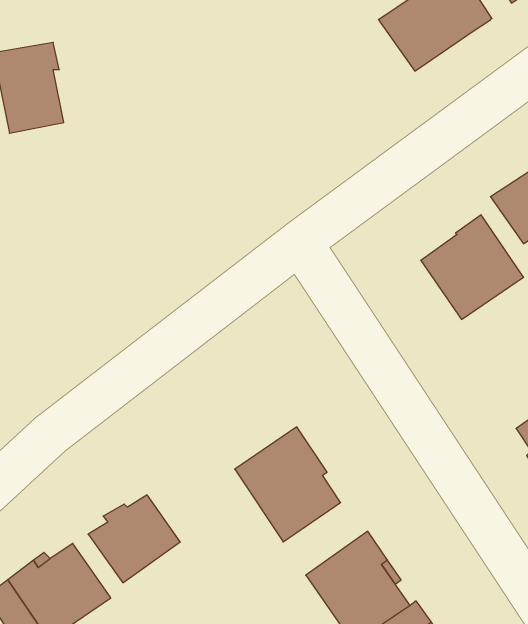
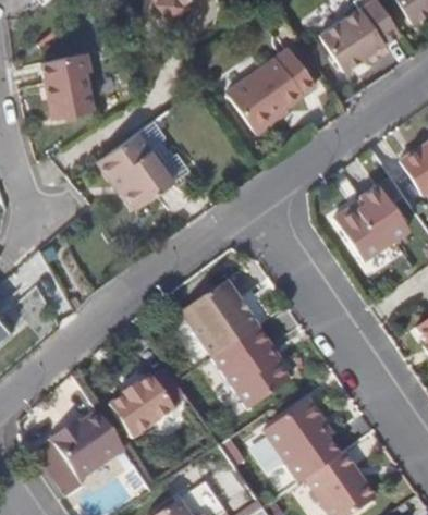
building: none -> [229,49,317,127]
building: none -> [97,128,176,208]
building: none -> [185,285,259,358]

